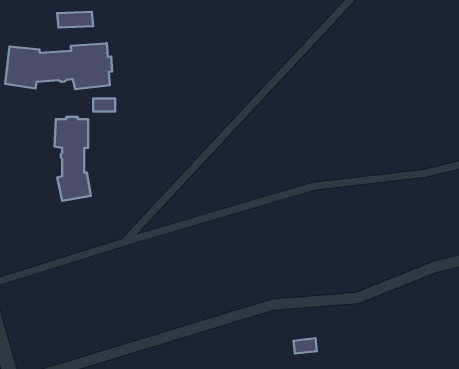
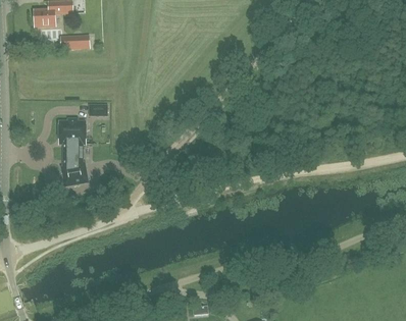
building: [5,43,112,89] -> none

